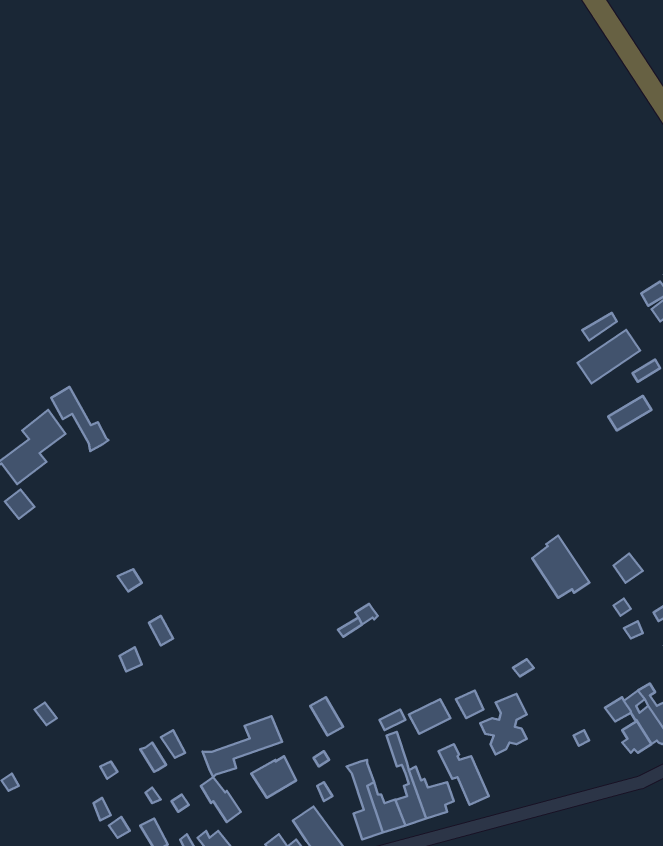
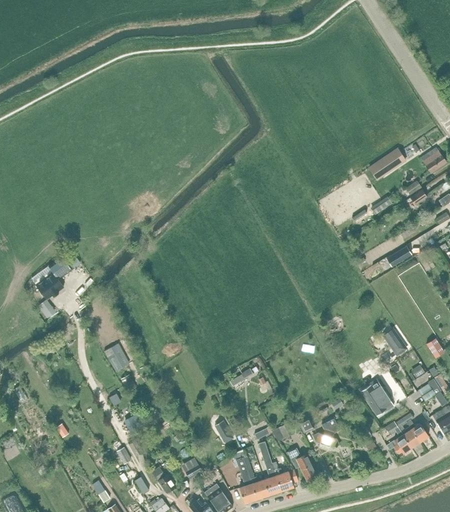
building: [578,330,640,384] -> [369,149,405,180]
building: [51,387,108,451] -> none
building: [532,536,589,598] -> [361,379,394,415]
building: [202,716,282,777] -> none

